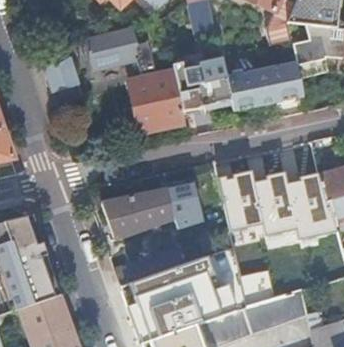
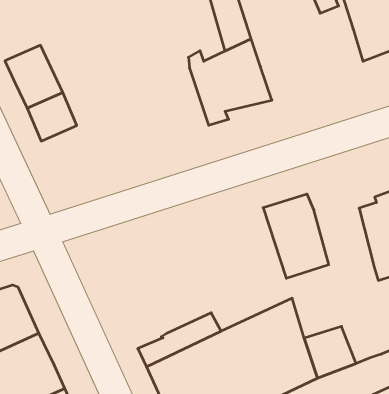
building: [85,26,142,71] -> none
building: [226,60,305,111] -> none
building: [130,71,186,132] -> none
building: [255,173,295,236] -> none
building: [102,182,204,240] -> none

